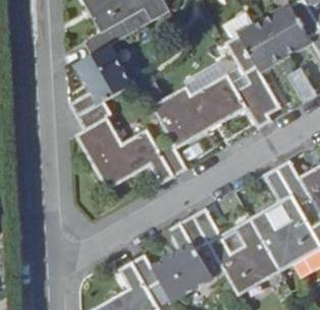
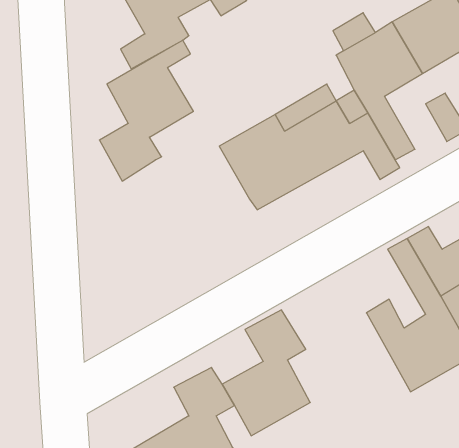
building: [76,116,186,190] -> none
building: [192,208,278,295] -> none

